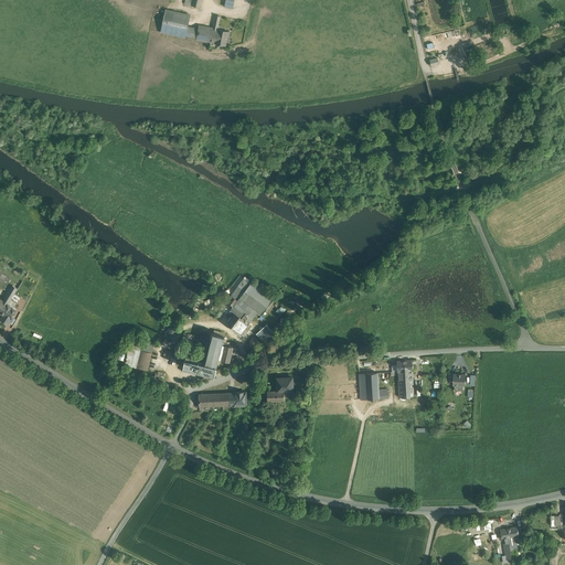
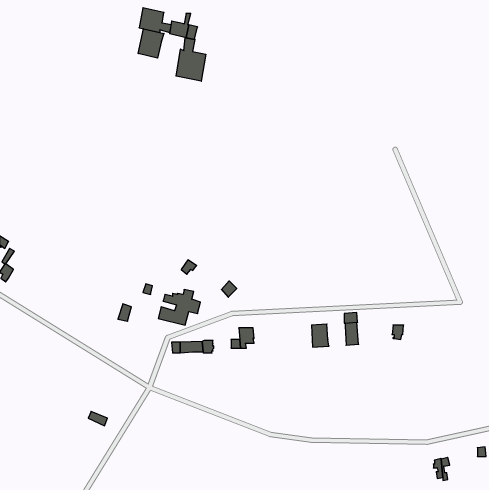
building: none -> [138,29,164,58]
building: none -> [176,38,206,81]
building: [230,278,274,334] -> none

